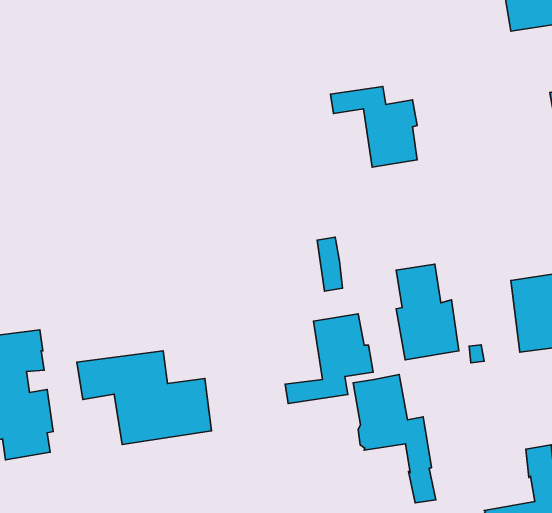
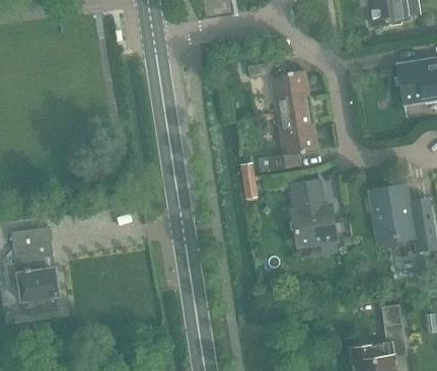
building: [285,314,373,403] -> [258,110,317,171]
building: [77,351,211,445] -> none
building: [353,375,436,503] -> none

